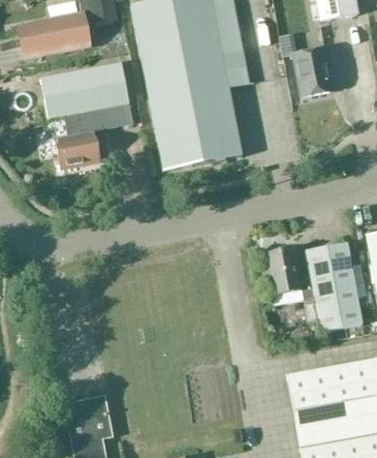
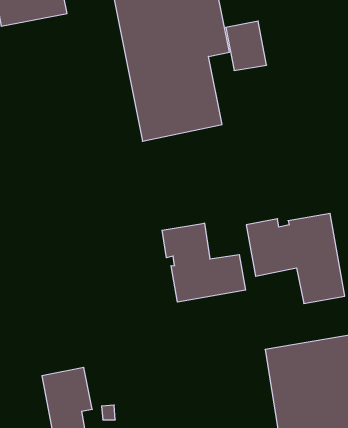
building: [294,47,335,95] -> [226,21,267,70]
building: [40,62,134,167] -> none
building: none -> [162,223,246,302]

